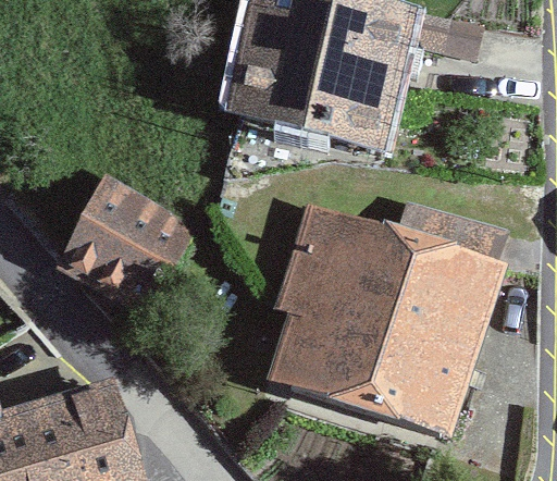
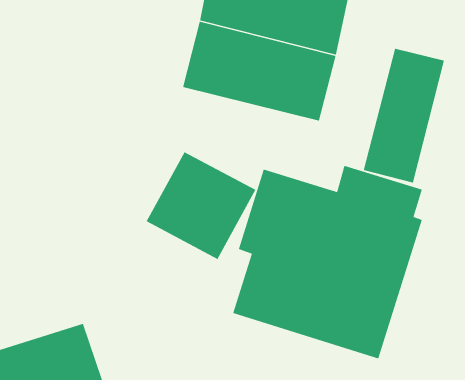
building: none -> [363,48,445,183]
building: [63,182,191,308] -> [146,151,257,260]

